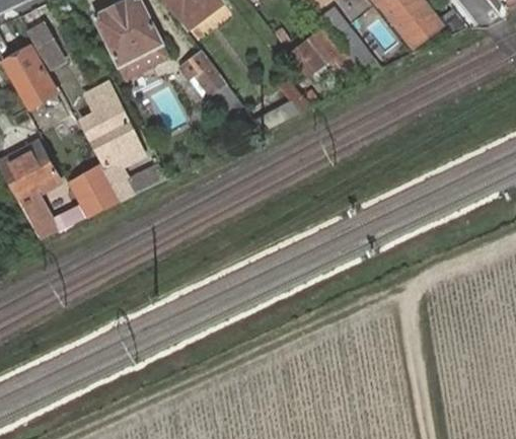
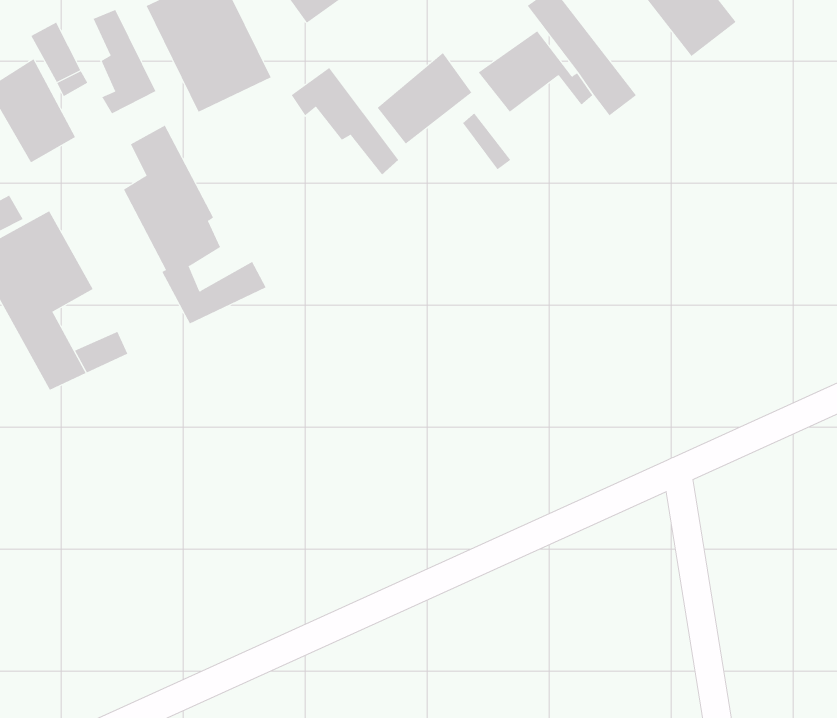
building: none -> [93,9,156,114]
building: none -> [377,52,472,144]
building: [69,165,120,216] -> none

